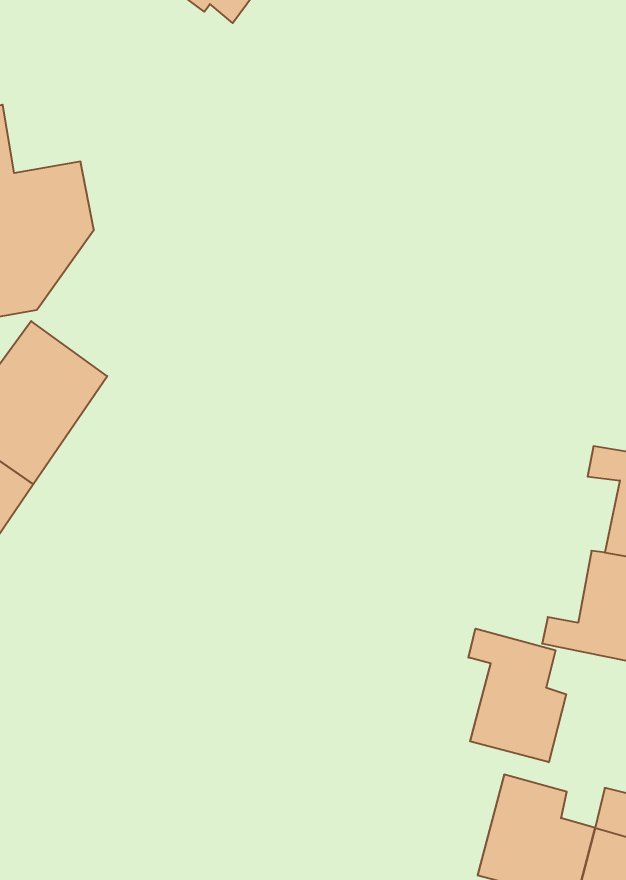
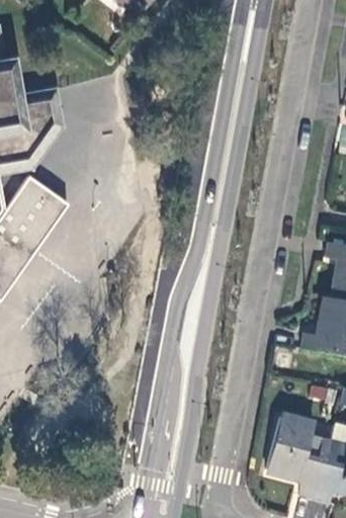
building: [468,629,566,762] -> none

